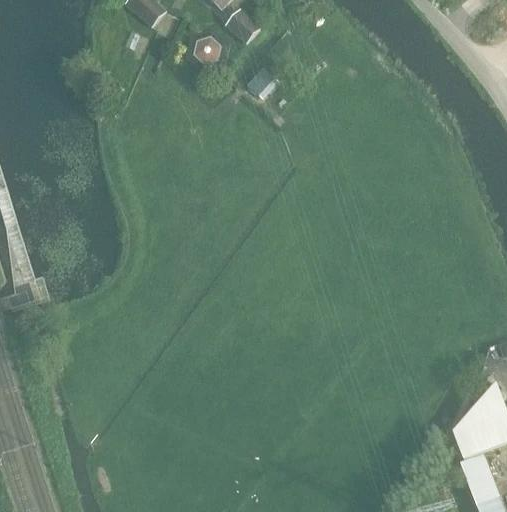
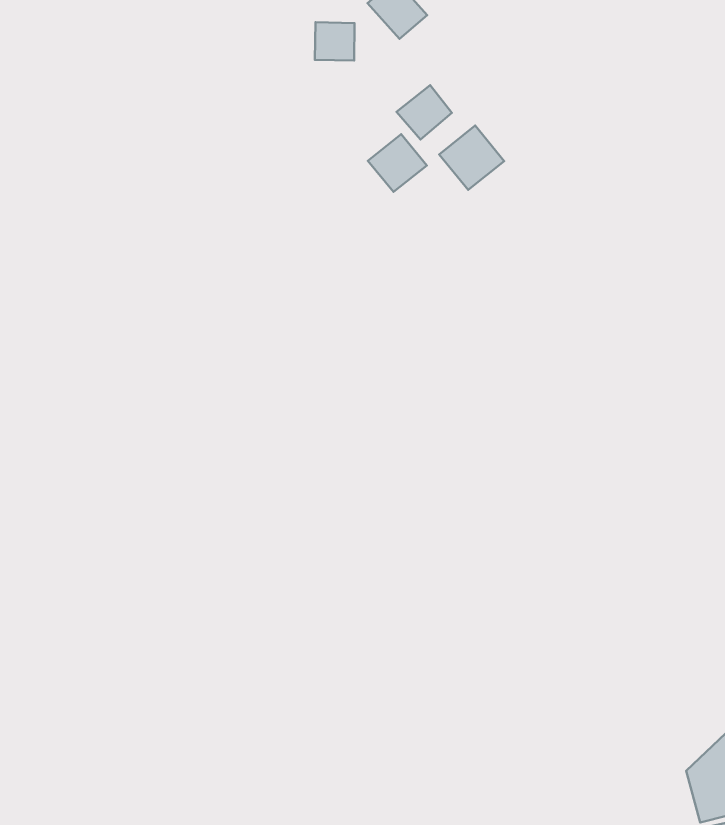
building: none -> [439,126,504,190]
building: none -> [368,134,427,192]

